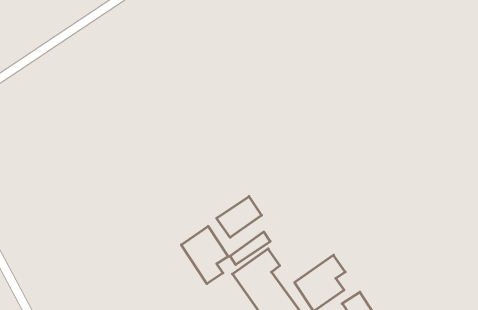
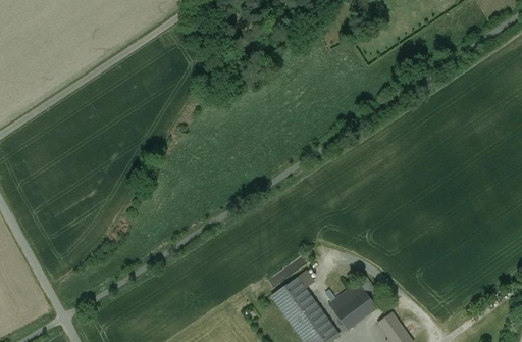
building: [217,196,262,237] -> none
building: [181,226,228,284] -> none

